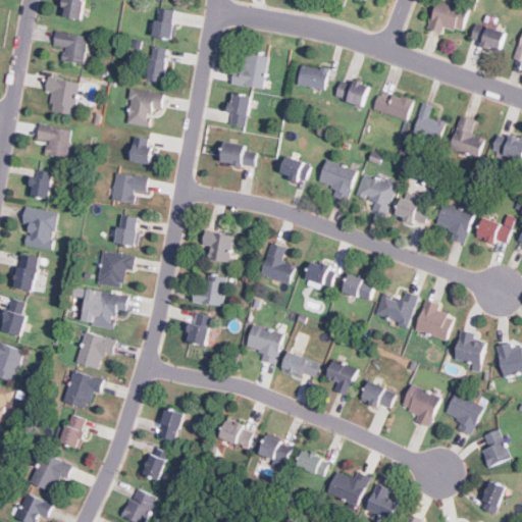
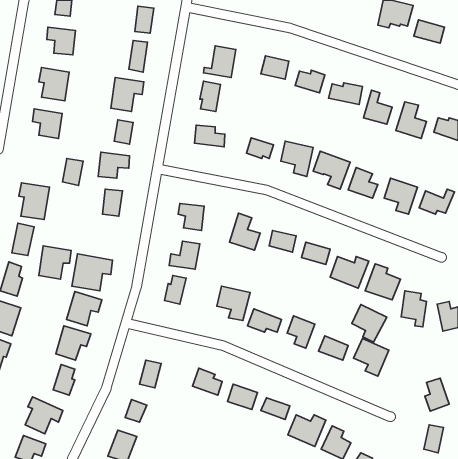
building: [29,169,52,200] -> [62,158,83,185]
building: [97,251,134,289] -> [39,246,71,279]
building: [445,393,484,435] -> [352,304,387,342]

